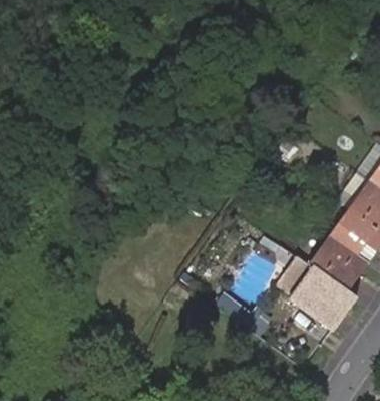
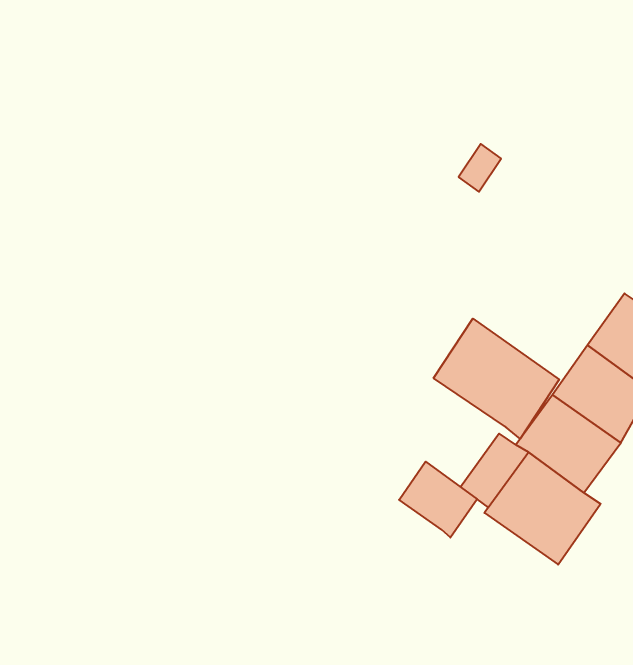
building: none -> [434,319,559,439]
building: none -> [399,462,477,538]

